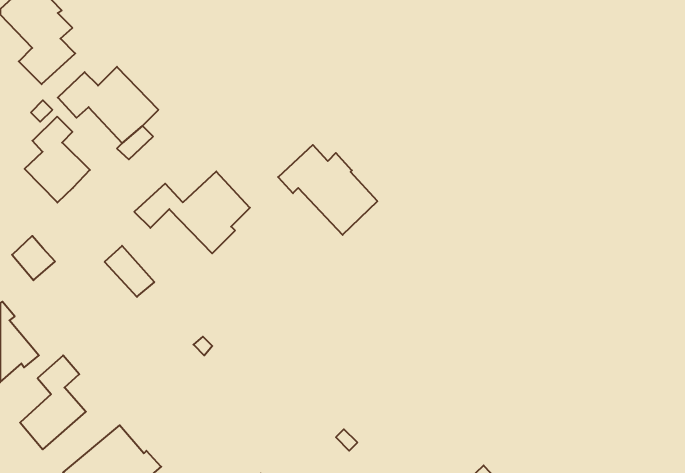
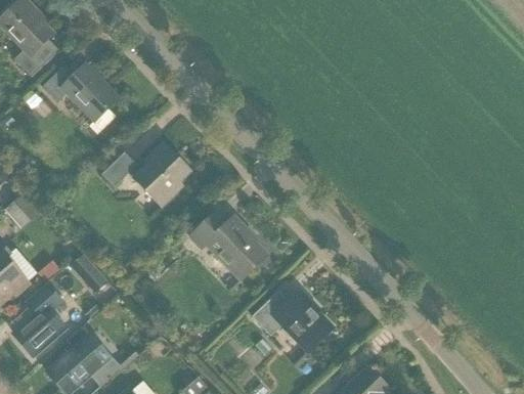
building: [25,117,90,203] -> none
building: [278,145,377,235] -> [191,211,267,279]
building: [105,246,154,297] -> [71,254,108,293]
building: none -> [252,292,333,351]

